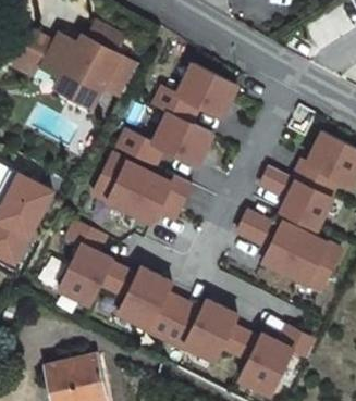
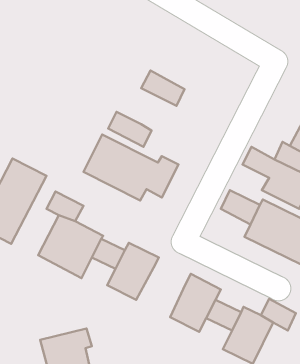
building: [10,22,137,109] -> none
building: [177,62,237,115] -> none
building: [154,111,212,164] -> none
building: [146,292,200,348] -> none

